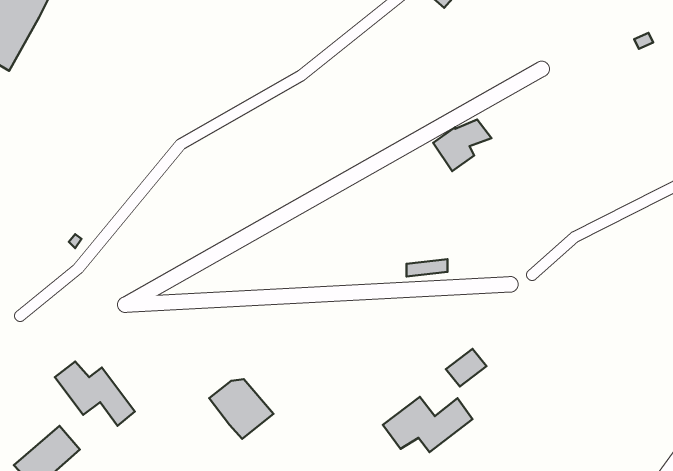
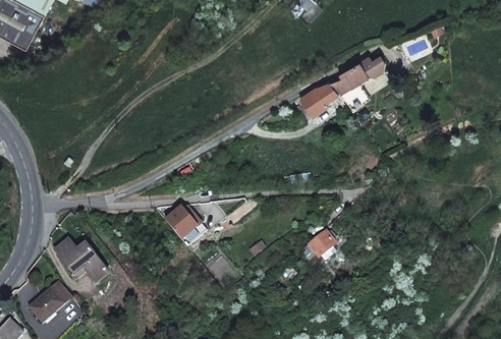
building: none -> [329,55,385,111]
building: [209,379,274,439] -> [166,208,208,246]
building: [383,397,472,452] -> none

